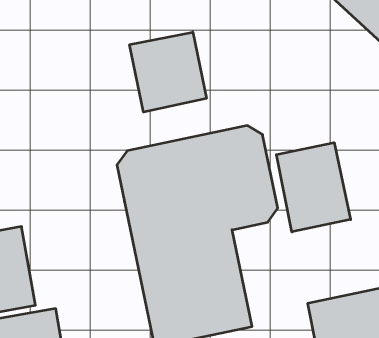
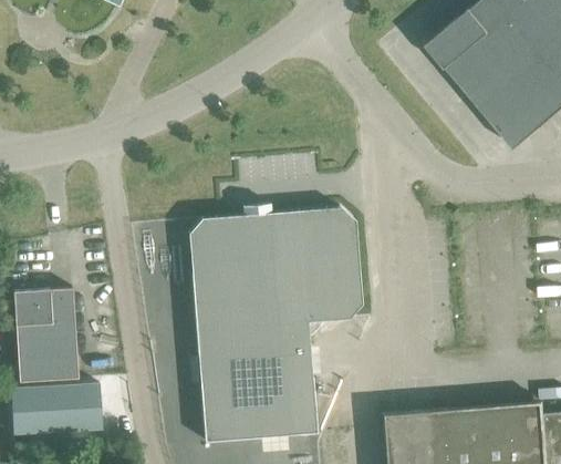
building: [130,32,206,112] -> none
building: [276,143,351,232] -> none

